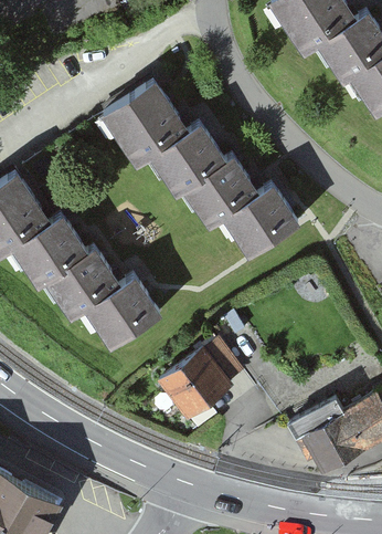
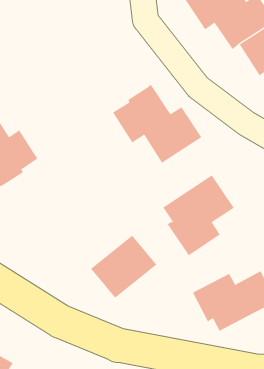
building: [99,73,227,191] -> none
building: [45,241,162,346] -> none
building: none -> [163,174,234,256]

